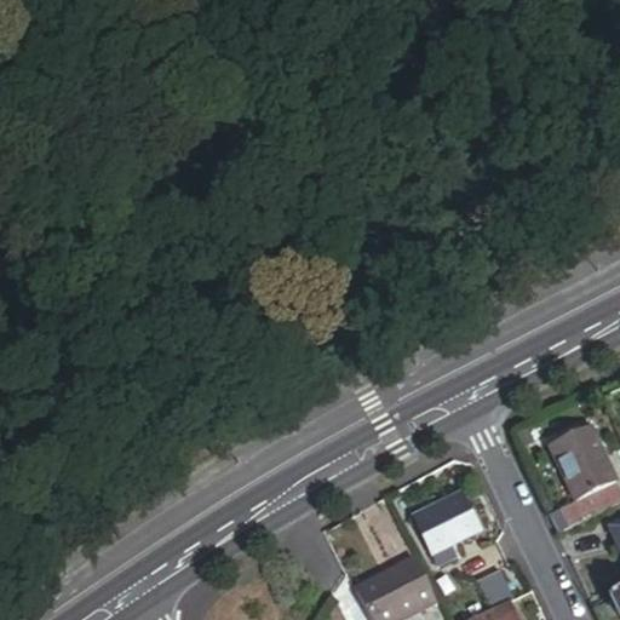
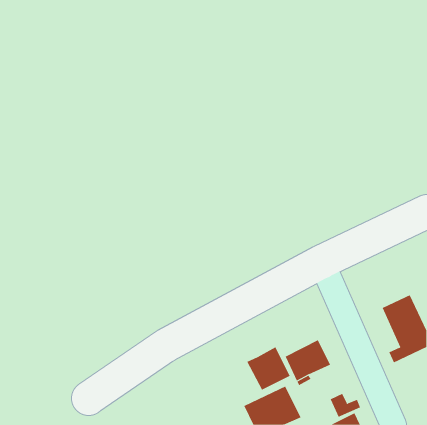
building: none -> [246,346,291,391]

